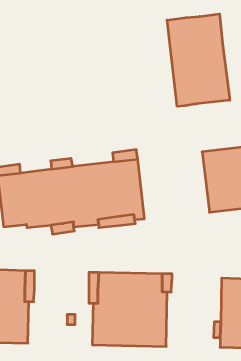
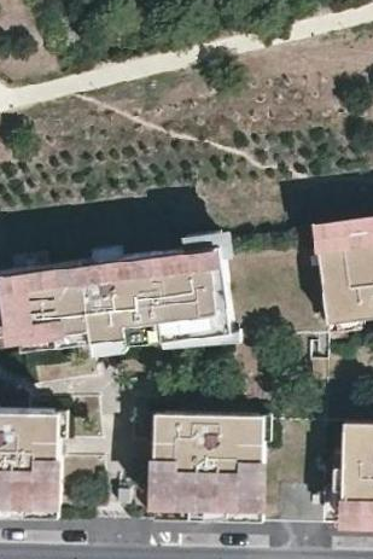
building: [167,14,230,106] -> none

